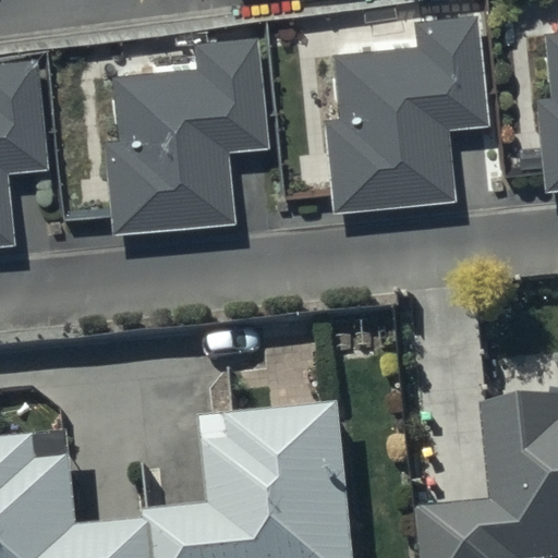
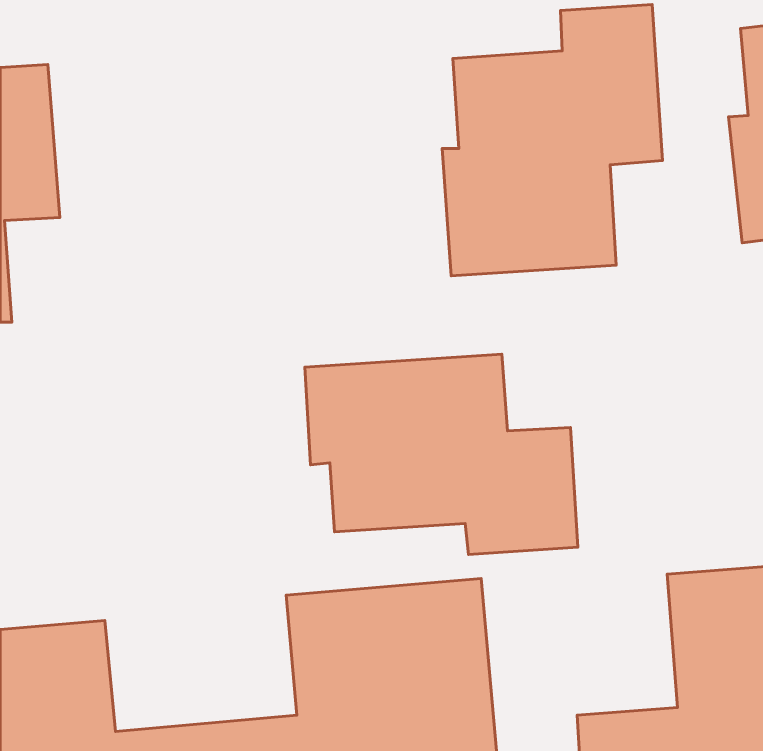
building: [105,34,265,232] -> none
building: none -> [305,354,578,554]

